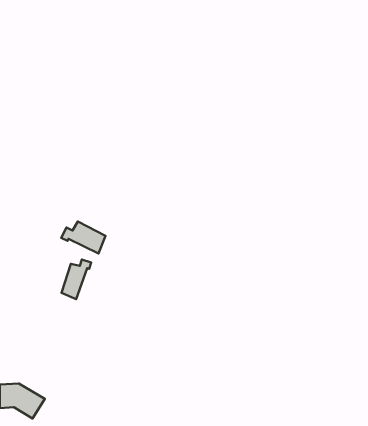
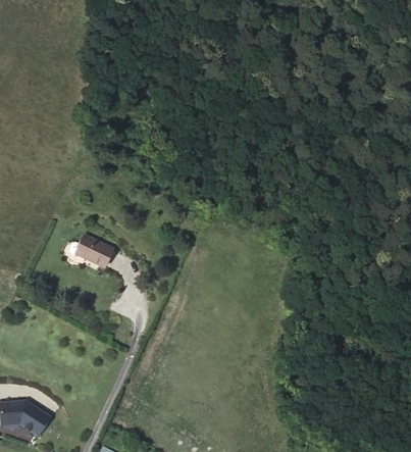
building: [61,260,91,299] -> none

